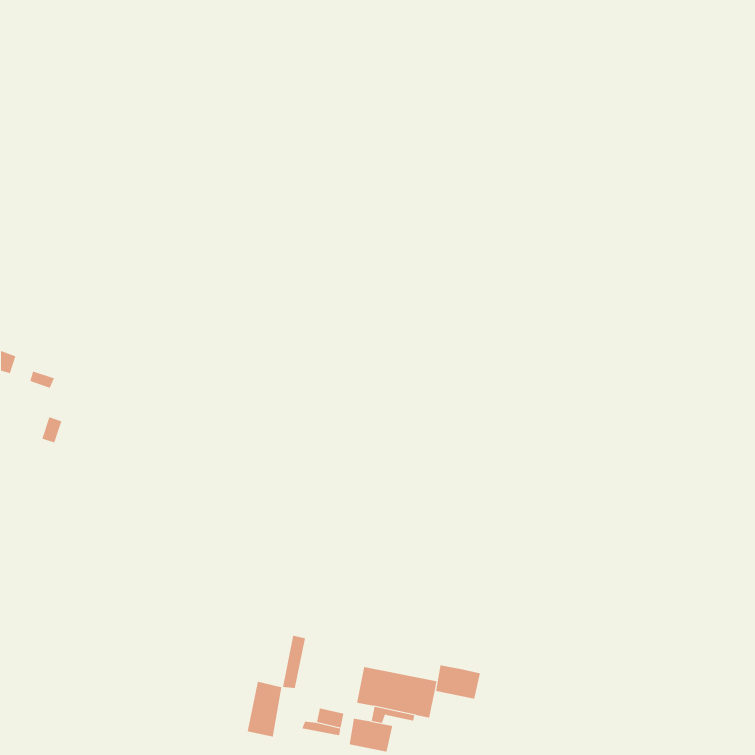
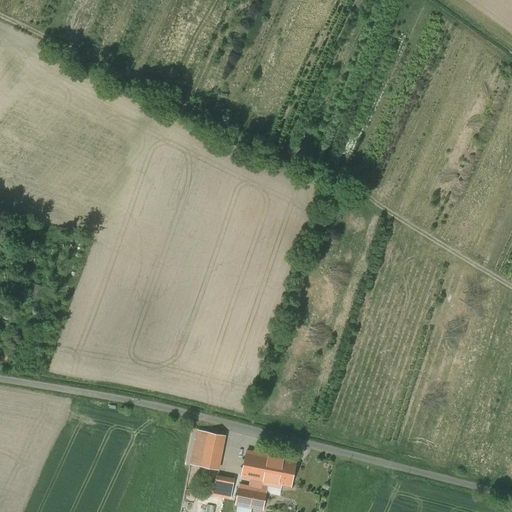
building: [436,664,481,699] -> none
building: [247,681,282,737] -> [200,432,224,470]

